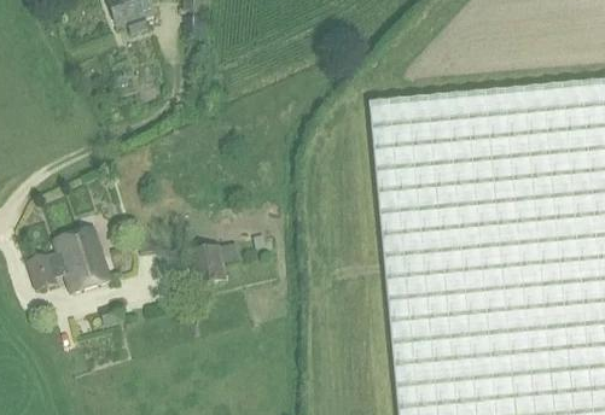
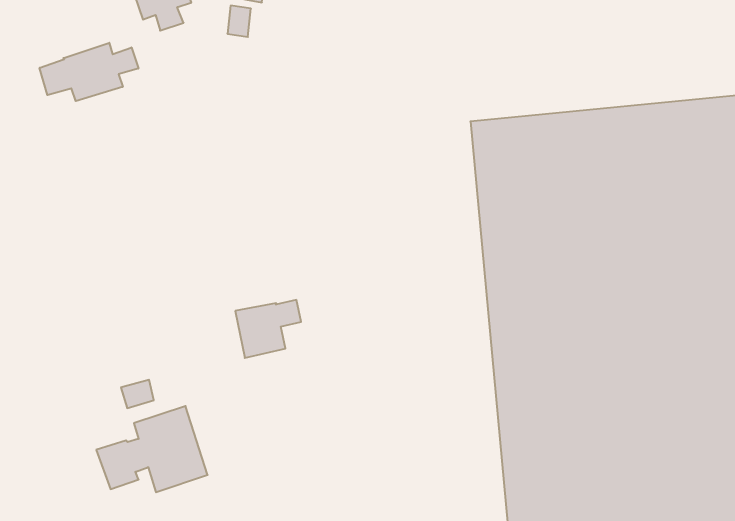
building: none -> [40,43,138,101]
building: [25,226,111,292] -> [96,406,208,492]

